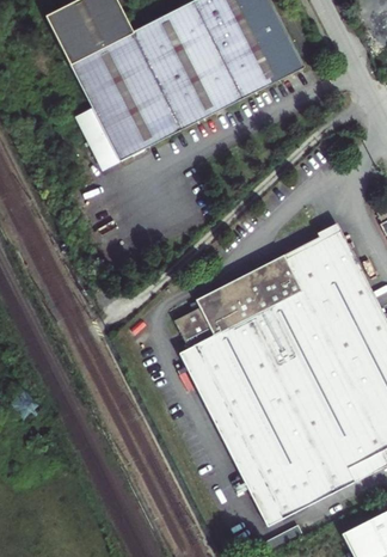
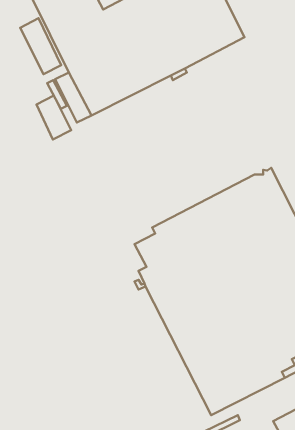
building: none -> [20,18,61,74]
building: none -> [36,96,71,140]

